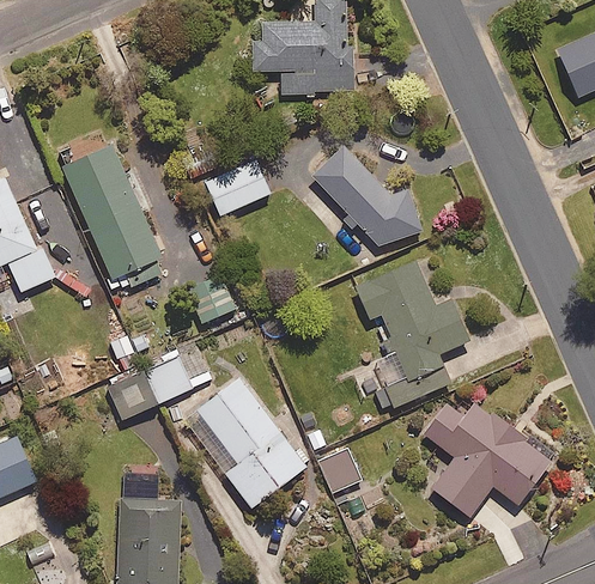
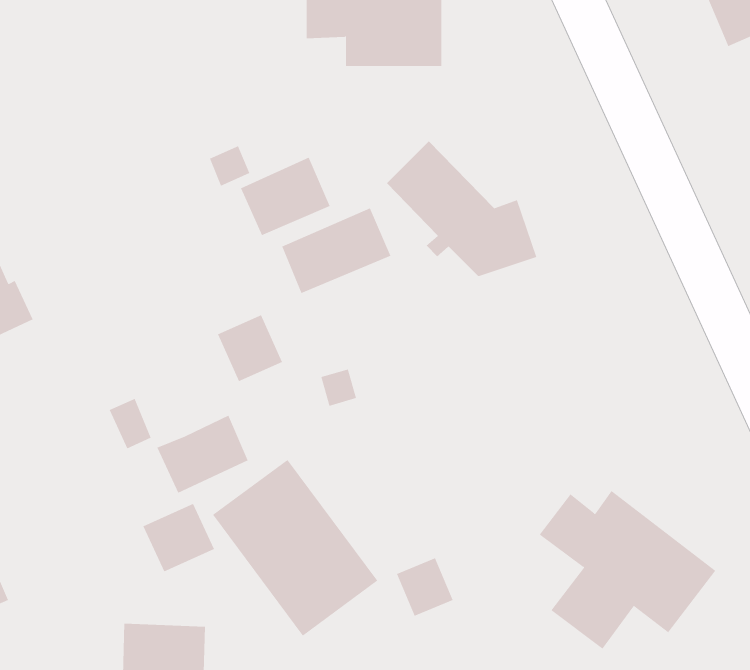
building: [61,145,166,288] -> none
building: none -> [281,208,391,294]
building: [354,258,468,412] -> none
building: [107,370,159,420] -> [143,503,215,572]

